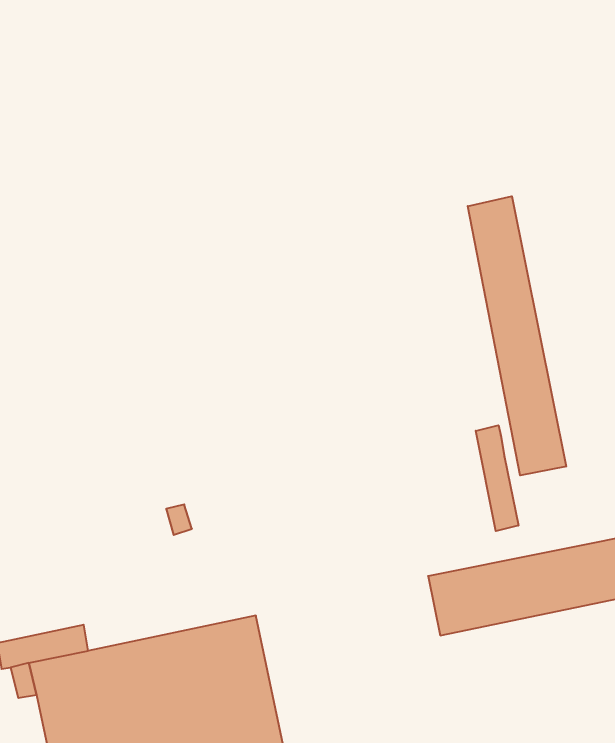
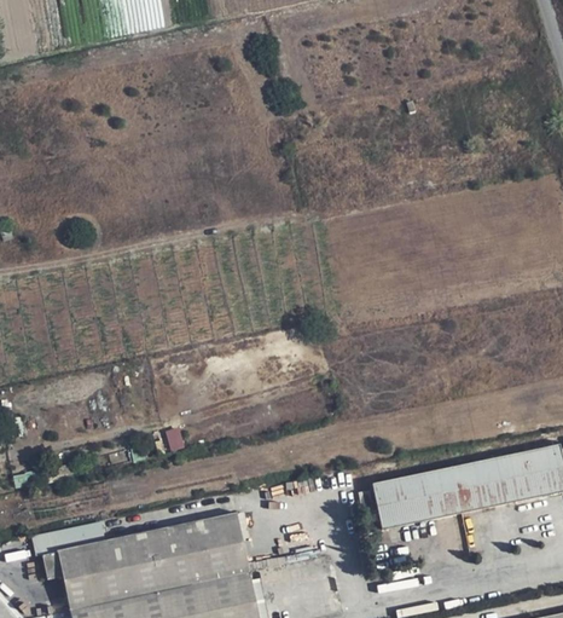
building: [468,196,566,475] -> none
building: [476,425,518,531] -> none

